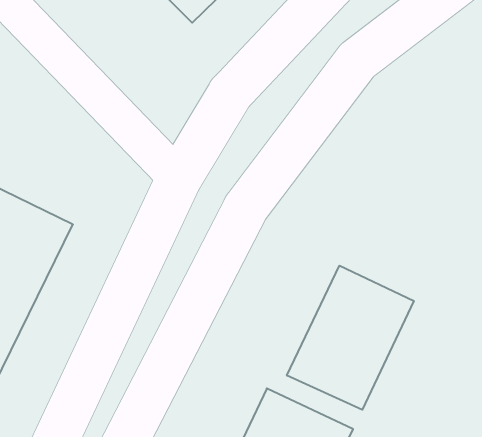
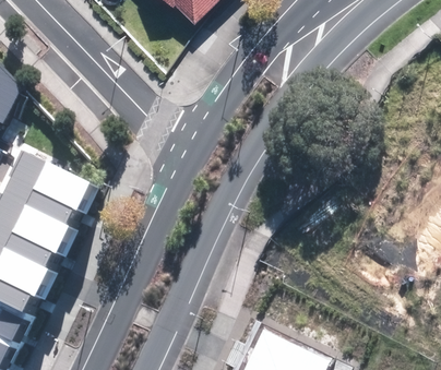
building: [287,266,414,410] -> none

